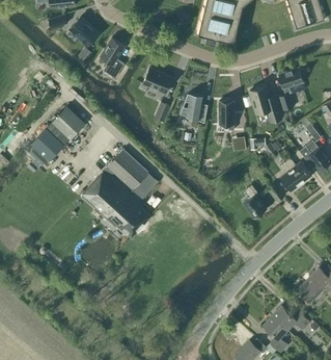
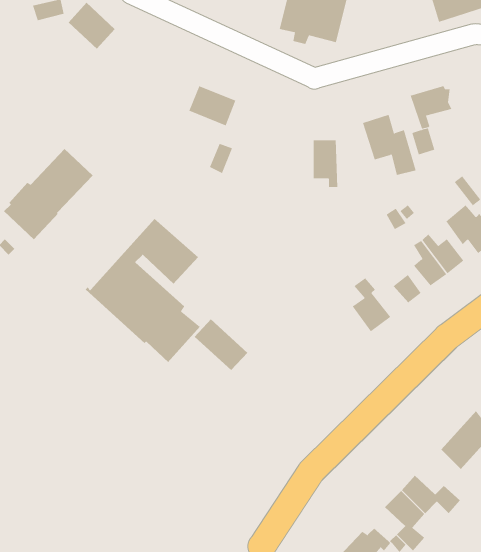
building: [100,37,125,77] -> none
building: [180,93,208,123] -> none
building: none -> [194,319,248,371]

